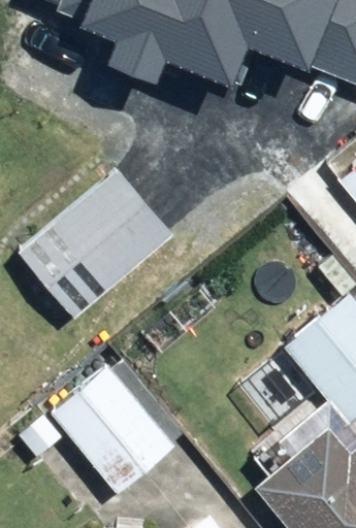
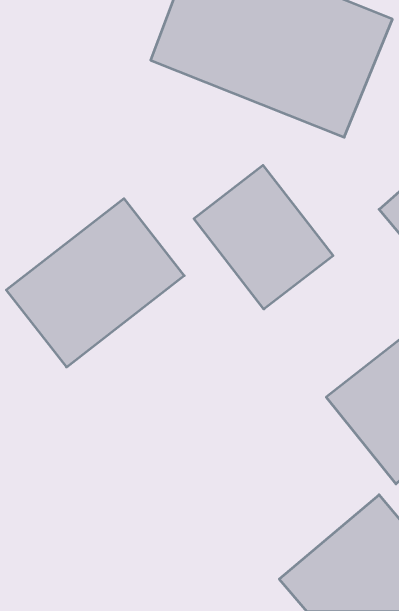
building: none -> [194,165,333,309]
building: [48,354,185,493] -> none

